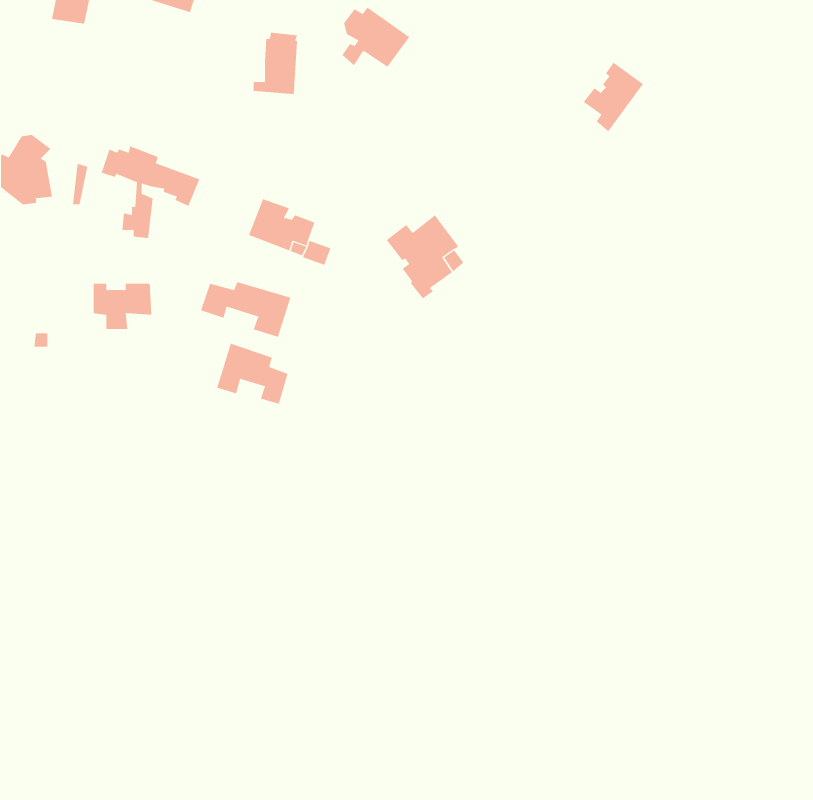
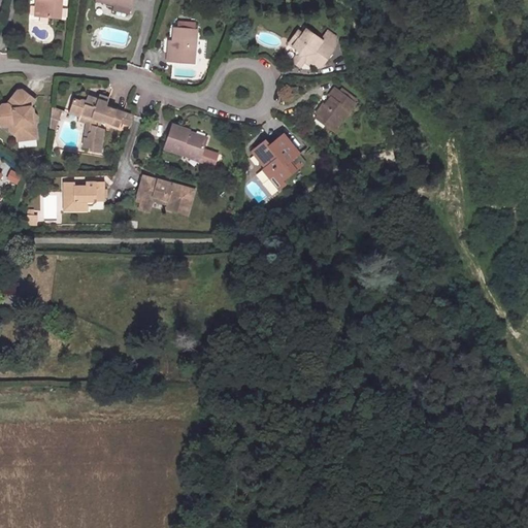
building: [341,7,410,68] -> [295,21,339,60]
building: [583,62,644,132] -> [320,78,359,124]
building: [216,343,288,405] -> none

